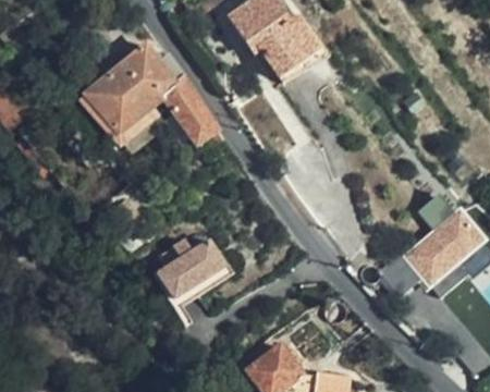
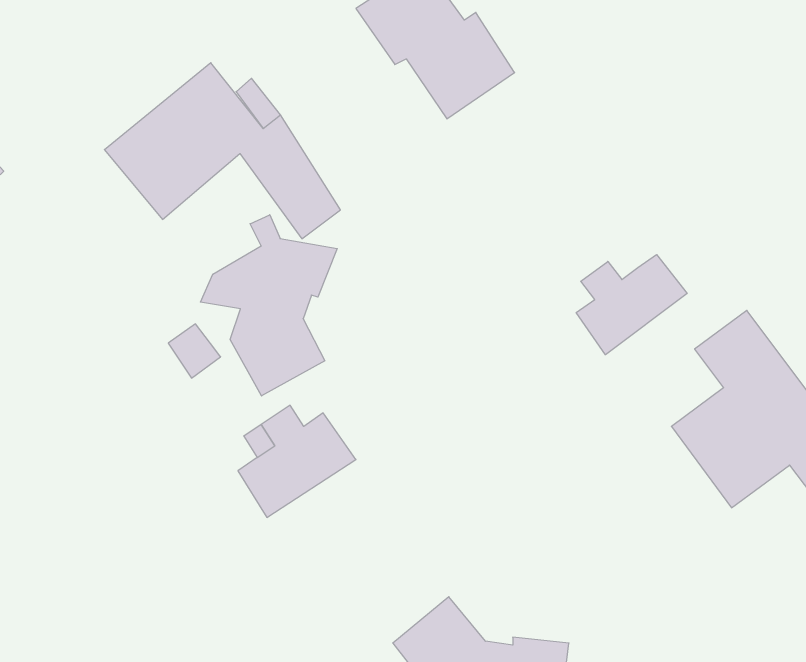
building: none -> [200,215,337,396]
building: none -> [576,255,687,355]

